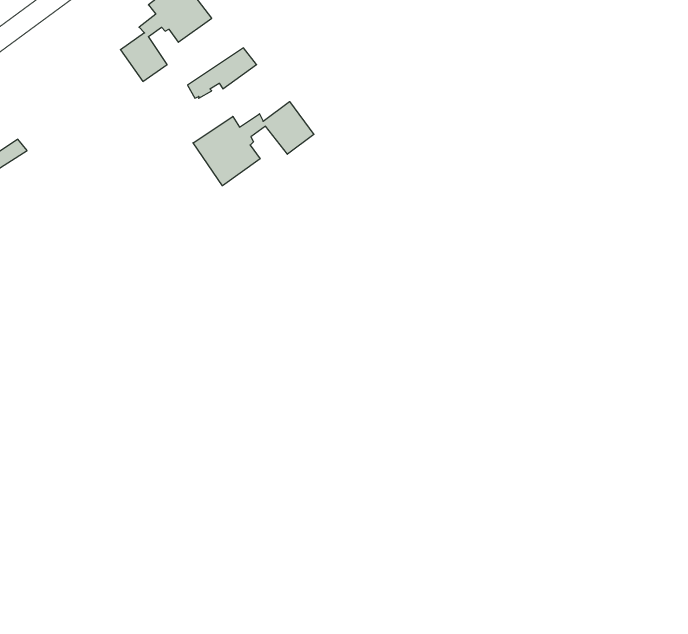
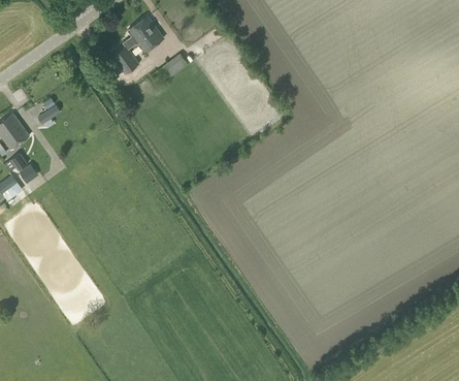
building: [193,102,314,186] -> none

